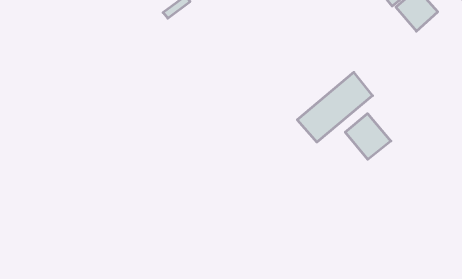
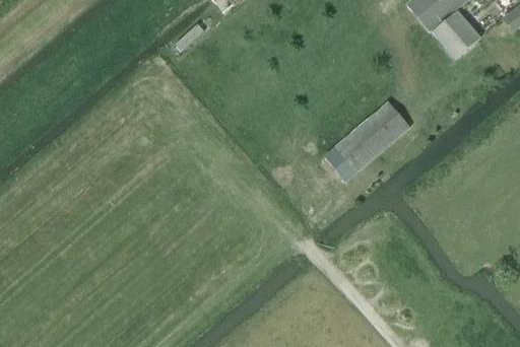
building: [345,114,391,159] -> none

